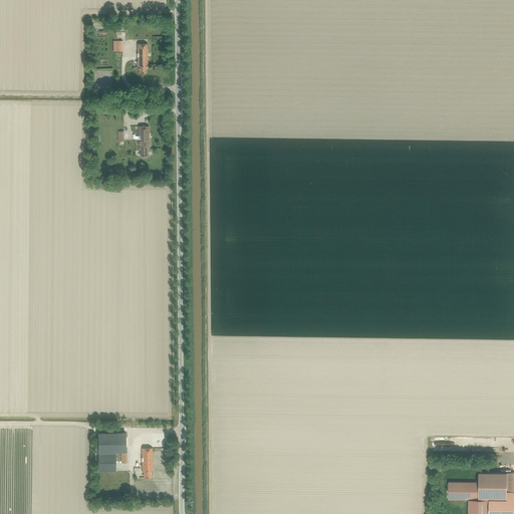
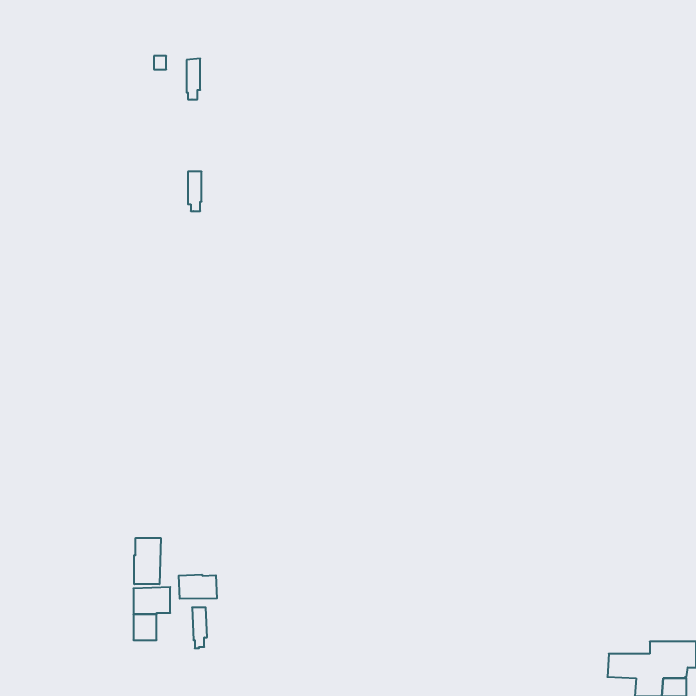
building: none -> [134,538,161,584]
building: none -> [179,575,217,599]

